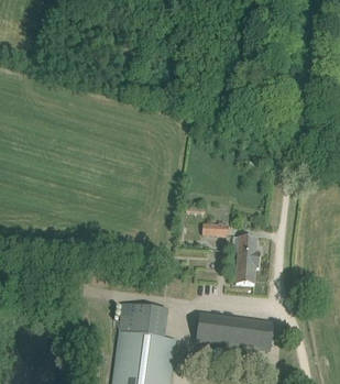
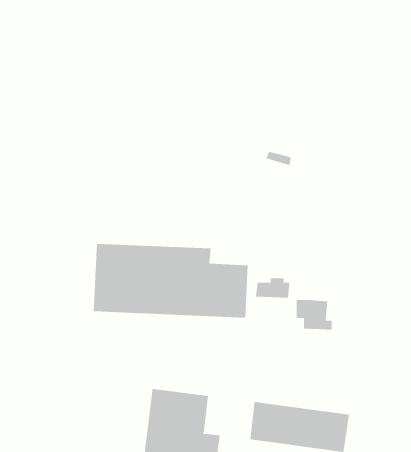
building: none -> [93,243,248,319]
building: [234,257,259,284] -> none

